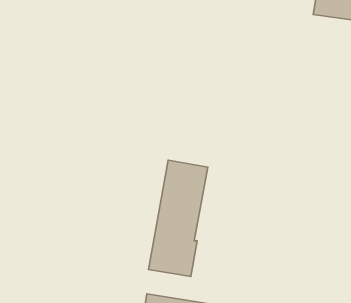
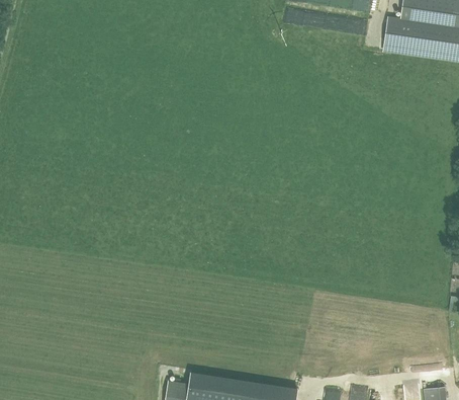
building: [148,160,208,277] -> none

